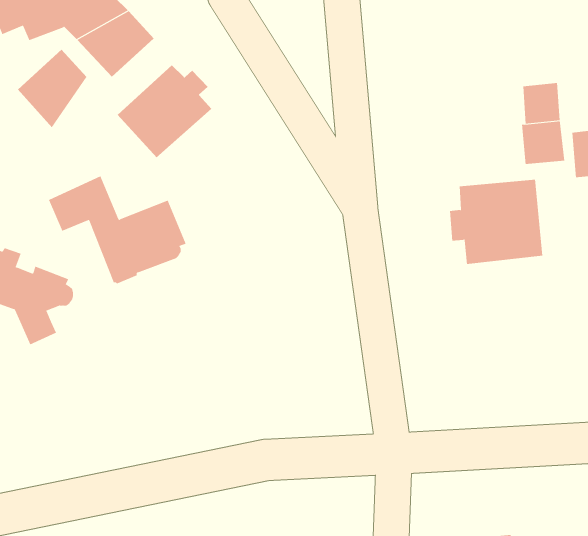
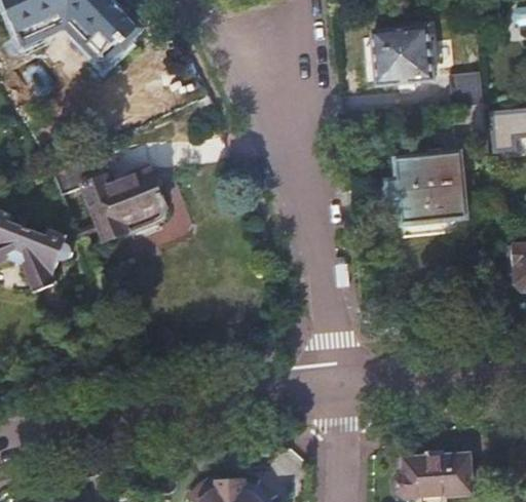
building: none -> [372,27,434,84]
building: [17,49,87,128] -> none
building: [117,65,212,158] -> none

